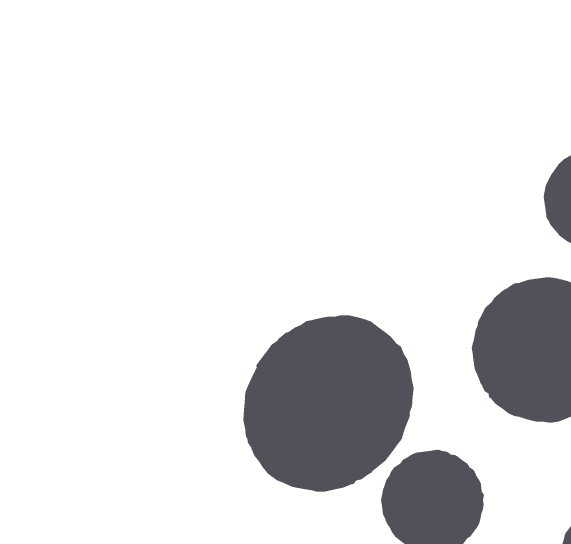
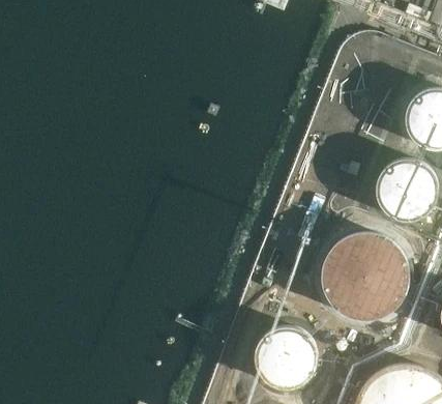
building: [243,315,414,492] -> none

